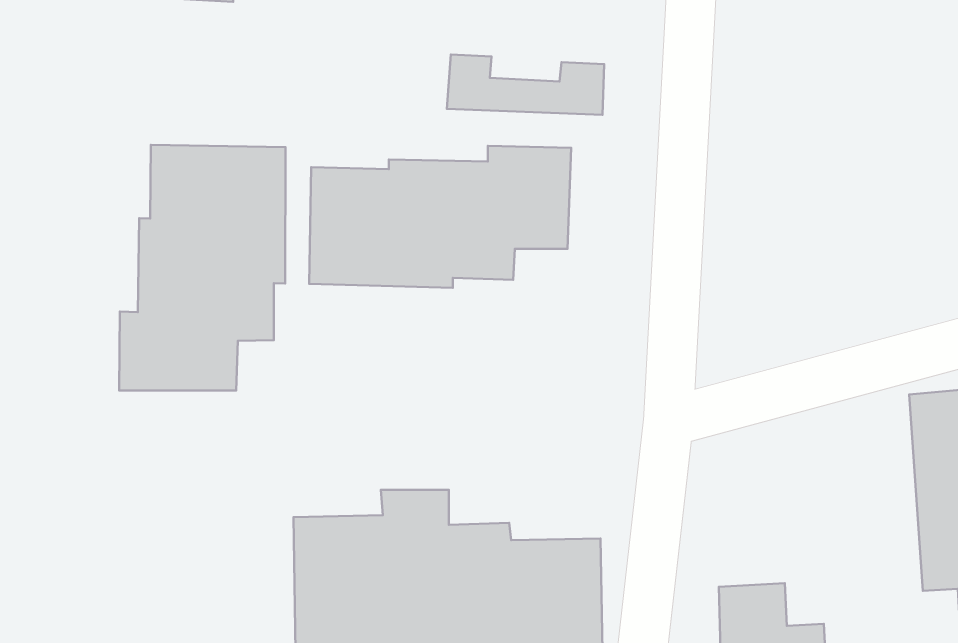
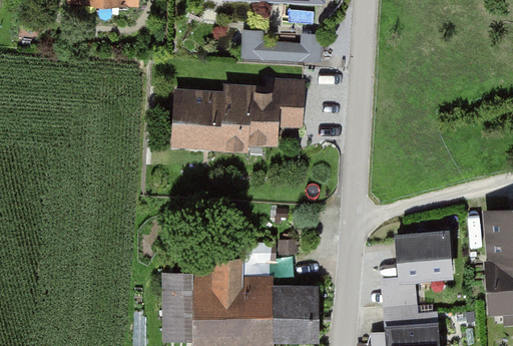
building: [119,145,286,391] -> none
building: none -> [382,233,451,306]

